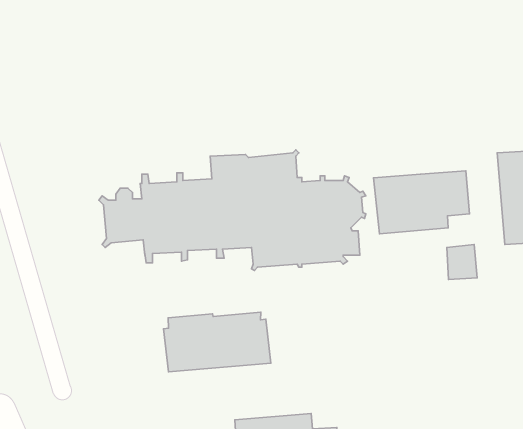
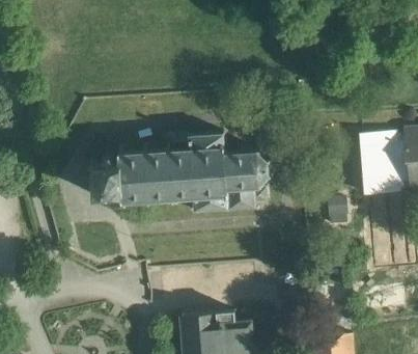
building: [373,171,469,234] -> none
building: [163,312,271,372] -> none

